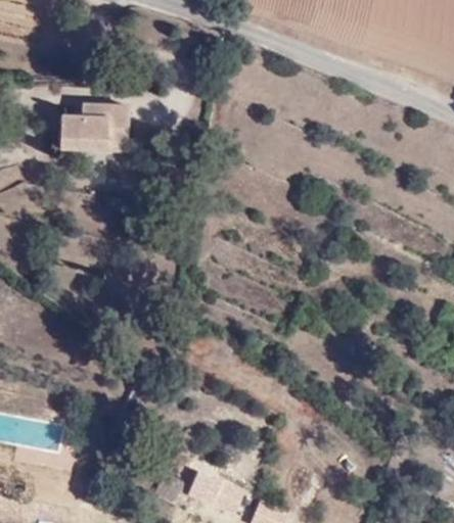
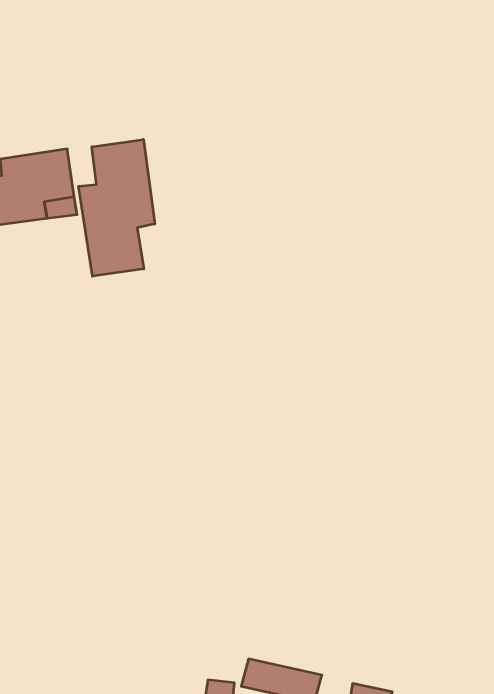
building: none -> [79,139,155,276]

